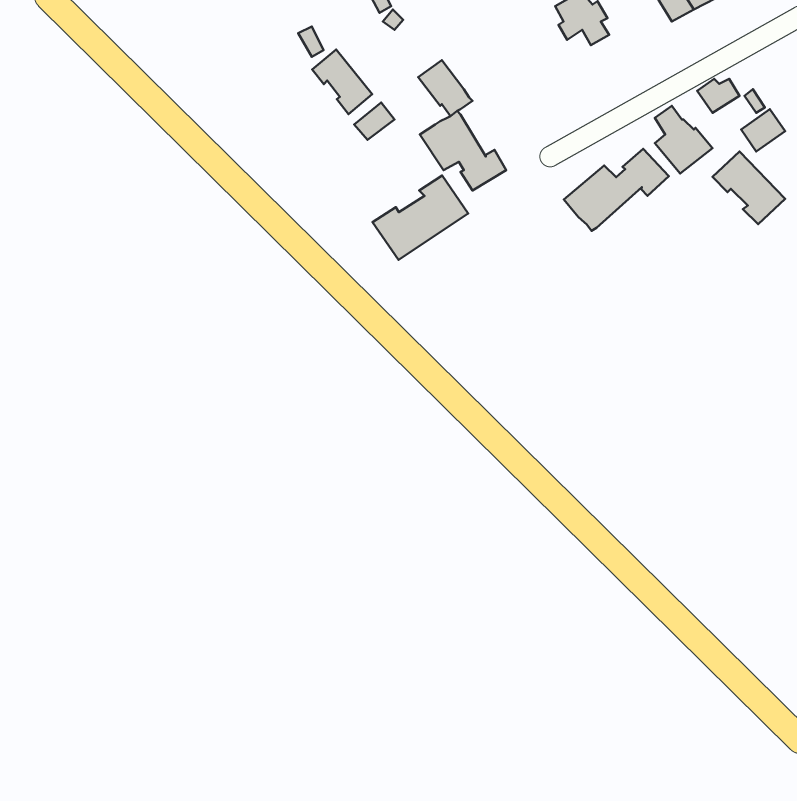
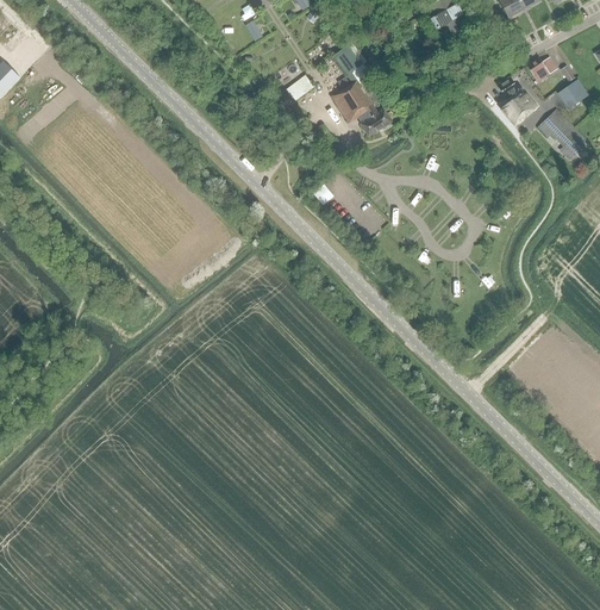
building: [312,49,372,114] -> none
building: [564,149,669,231] -> none
building: [373,176,468,260] -> none

